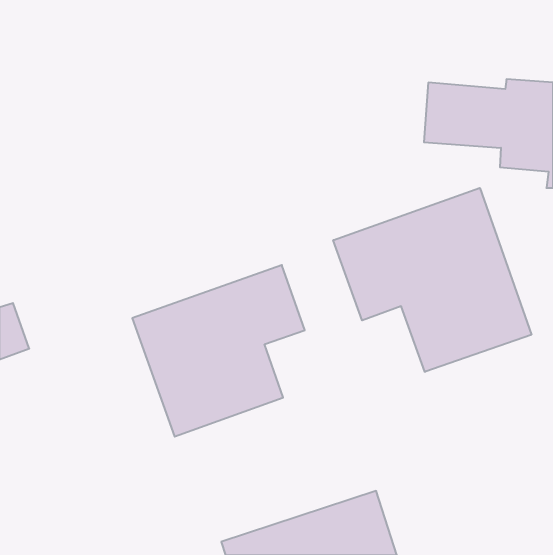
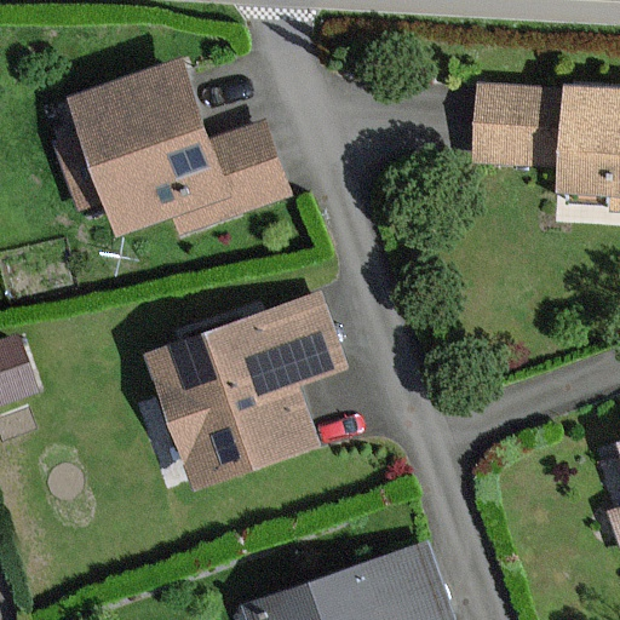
building: none -> [68,62,279,231]
building: [333,188,531,372] -> none

